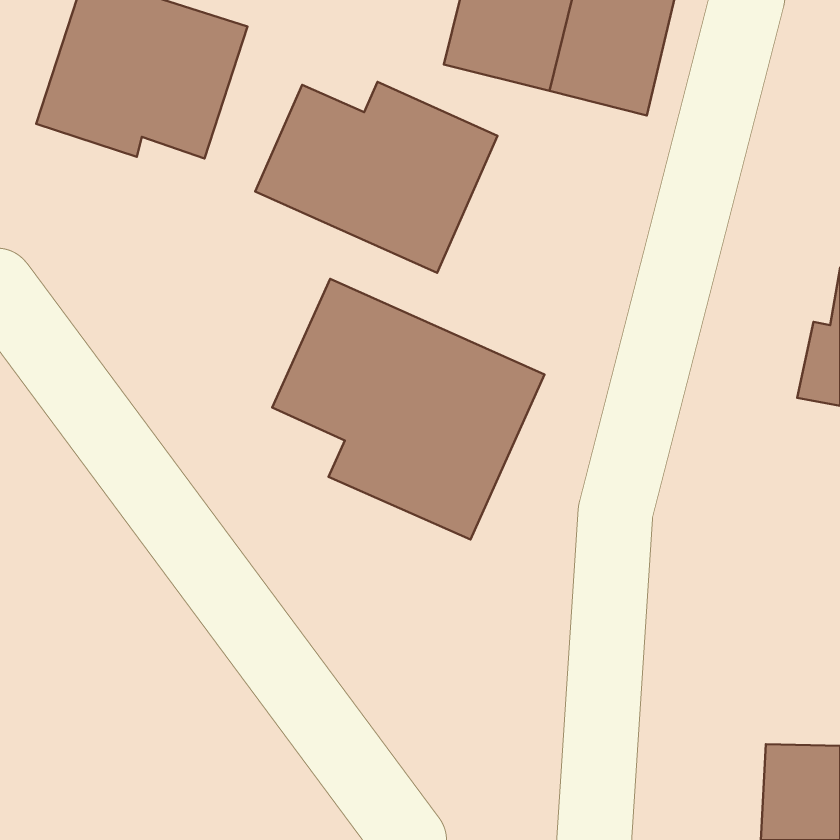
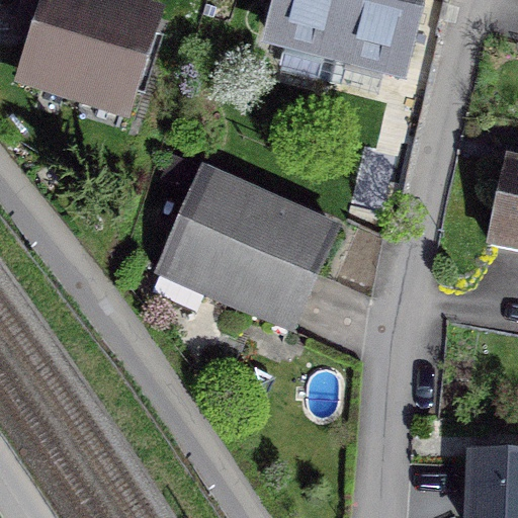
building: [255,82,498,273] -> none

